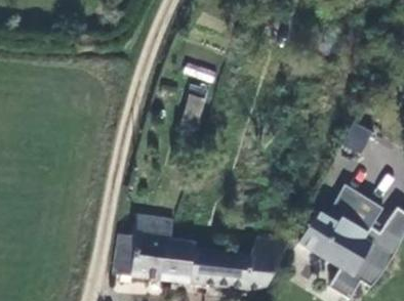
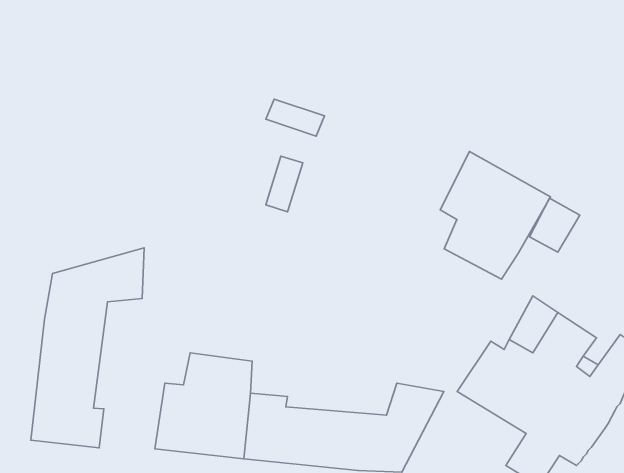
building: none -> [440,152,550,279]
building: none -> [31,248,144,448]

